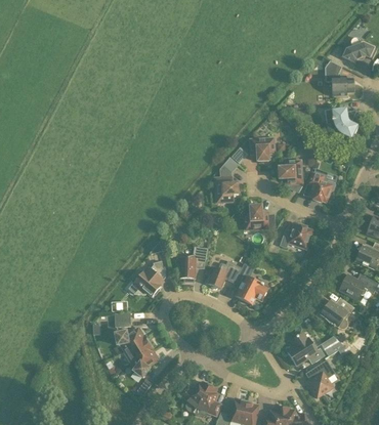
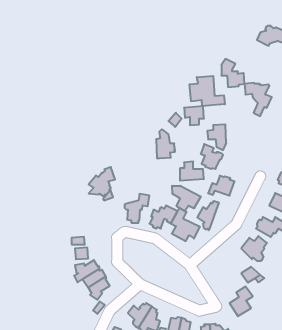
building: [325,60,353,95] -> [221,59,245,87]
building: none -> [190,76,225,106]
building: [307,171,335,202] -> [201,144,223,169]
building: none -> [172,186,201,211]
building: none -> [197,201,219,230]
building: [133,260,166,296] -> [89,167,115,196]
building: [287,332,324,365] -> none

